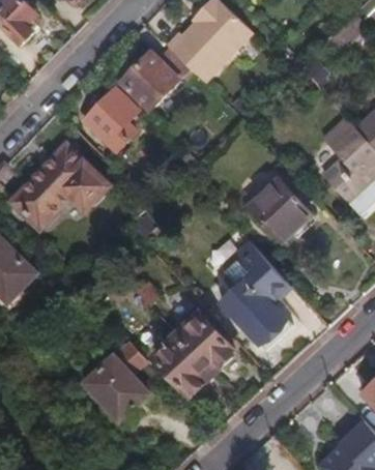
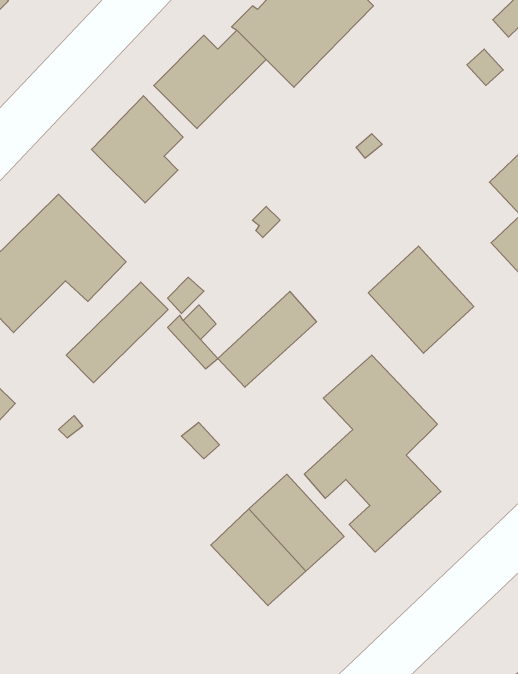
building: none -> [66,282,168,383]
building: none -> [218,291,317,387]
building: [85,342,165,420] -> none

